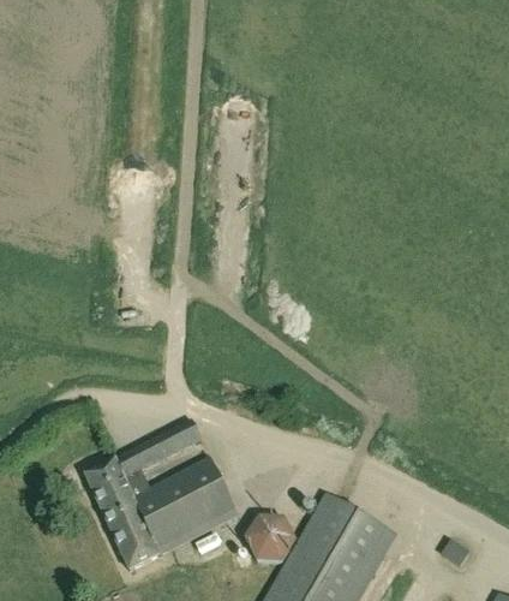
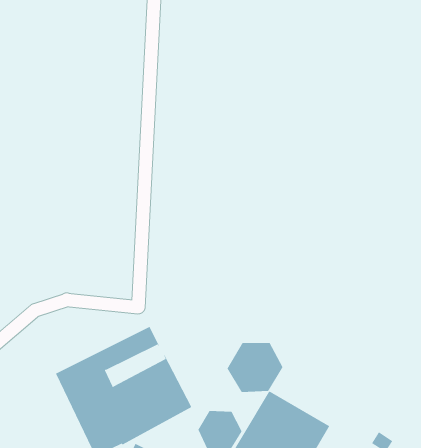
building: none -> [227,342,283,393]

